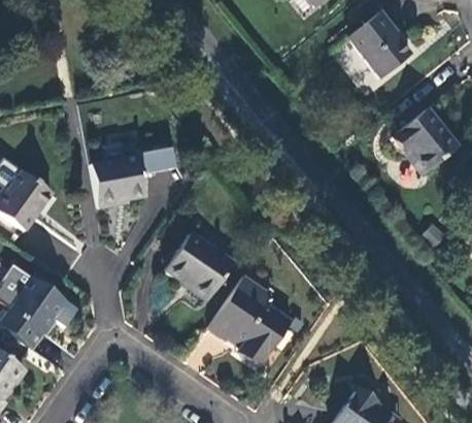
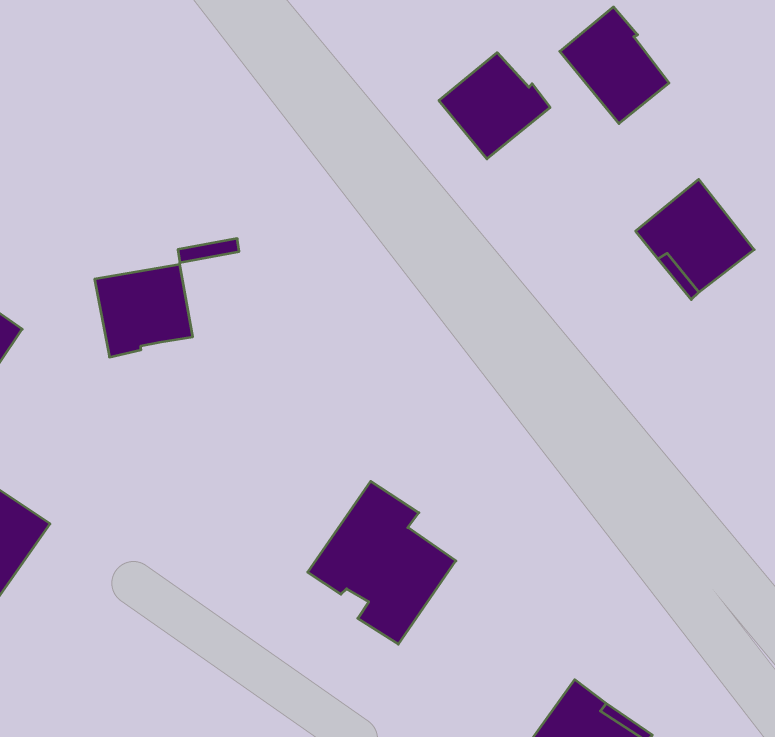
building: none -> [439,53,550,159]
building: [167,232,235,300] -> none

